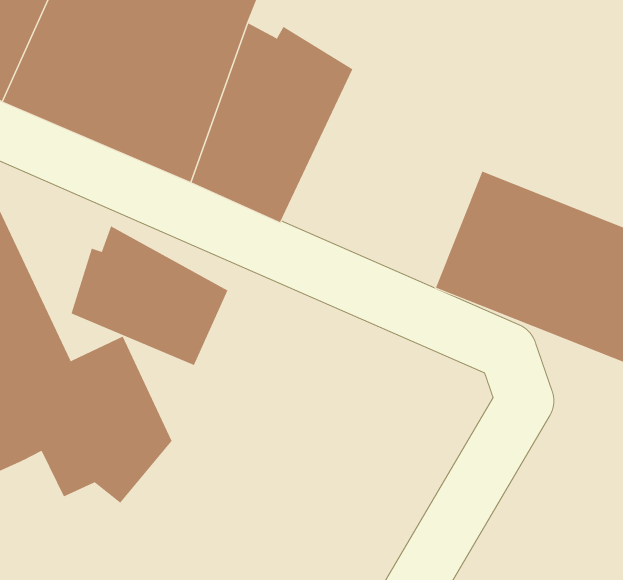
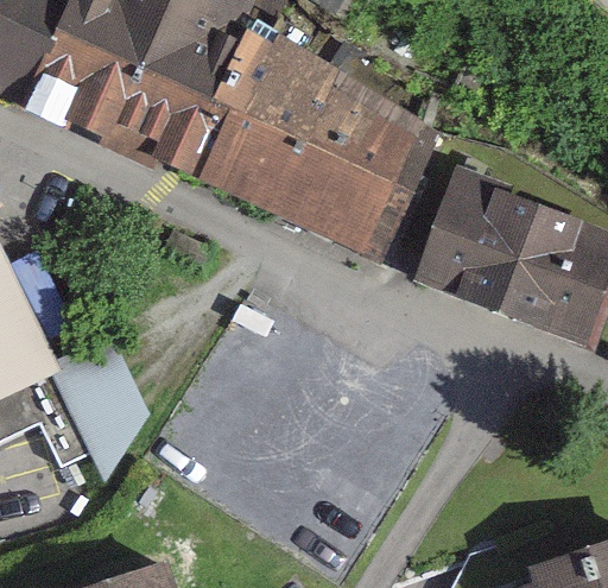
building: none -> [270,75,432,261]
building: [71,225,228,366] -> none

